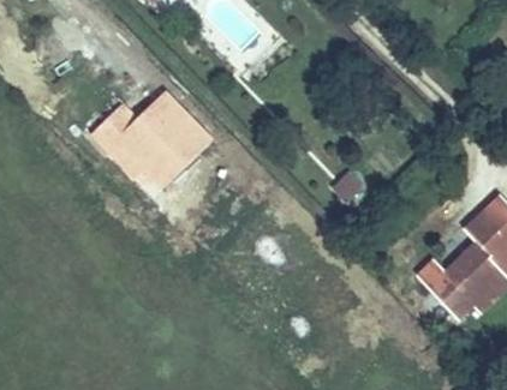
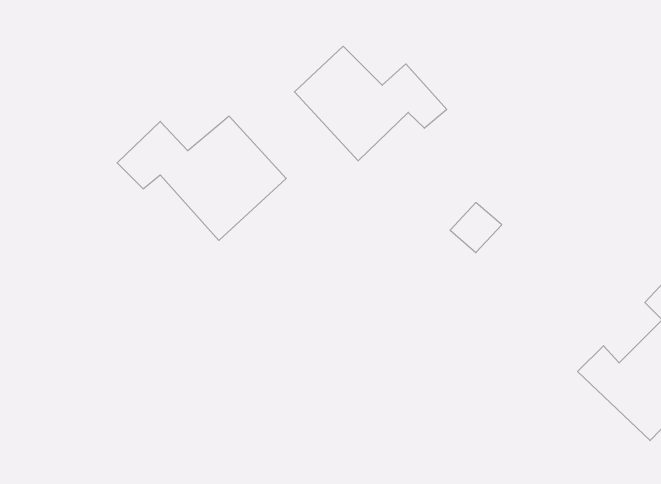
building: none -> [294,46,447,161]

